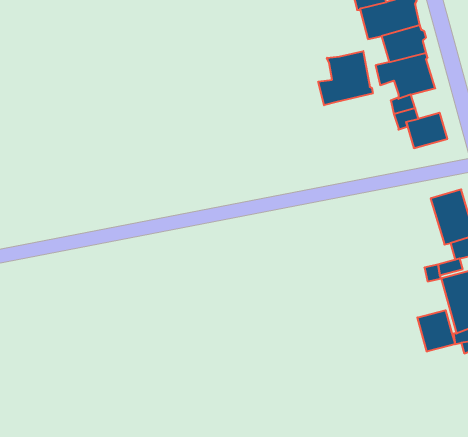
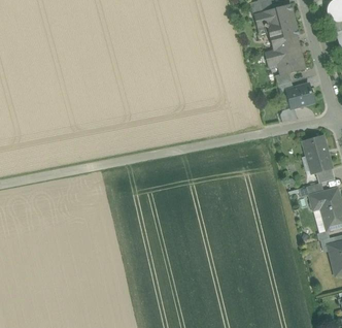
building: [318,51,373,105] -> none
building: [417,310,455,352] -> none

